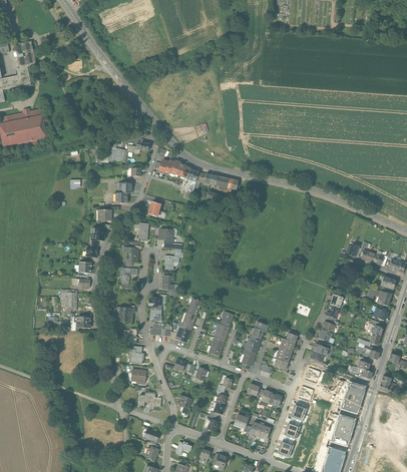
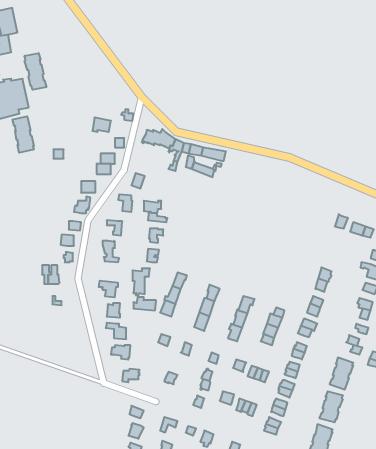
building: none -> [25,53,46,90]
building: none -> [13,116,34,153]

